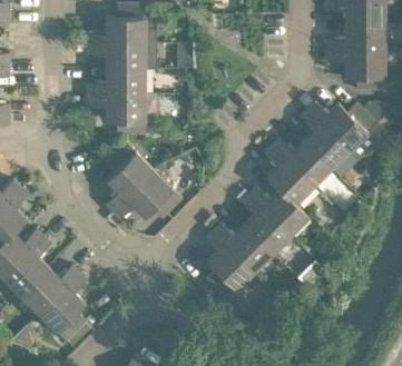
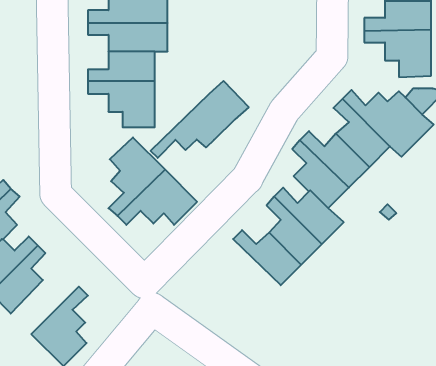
building: none -> [151,81,249,158]
building: [205,231,254,300] -> none
building: [20,265,79,314] -> none

